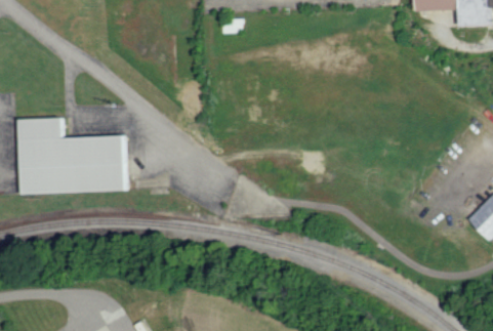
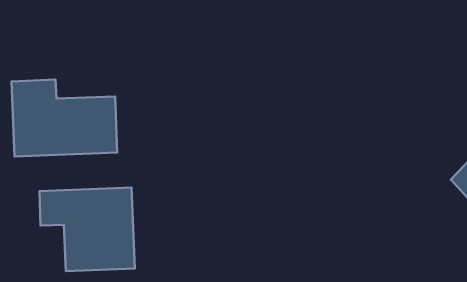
building: none -> [39,188,135,271]

